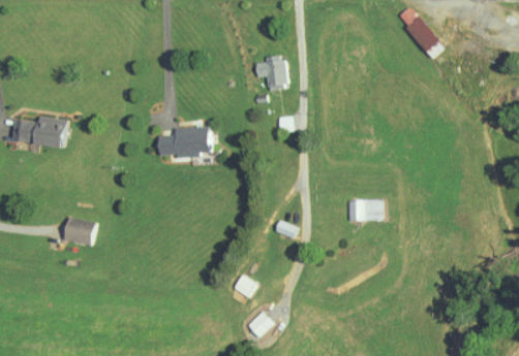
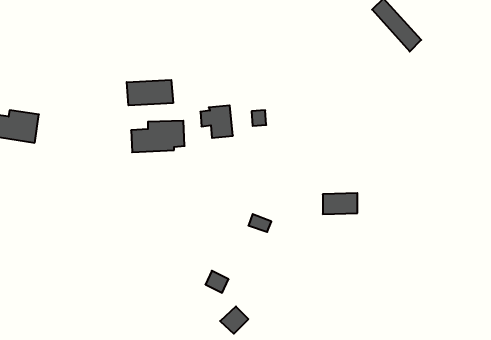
building: [255,57,287,89] -> [200,105,233,138]
building: none -> [127,80,173,105]
building: [63,216,96,246] -> none

